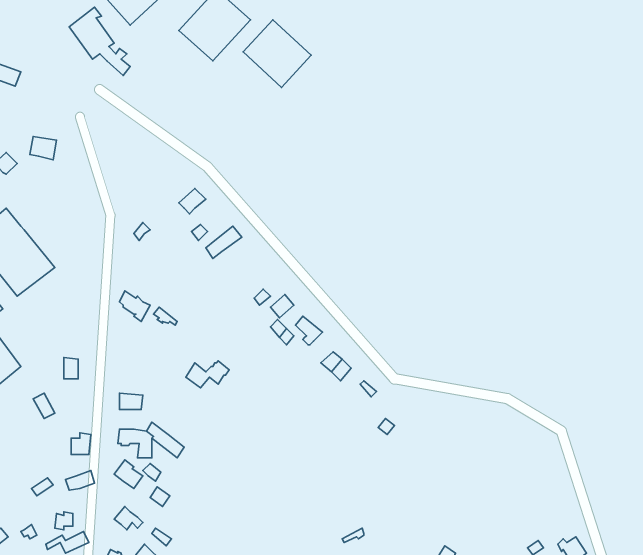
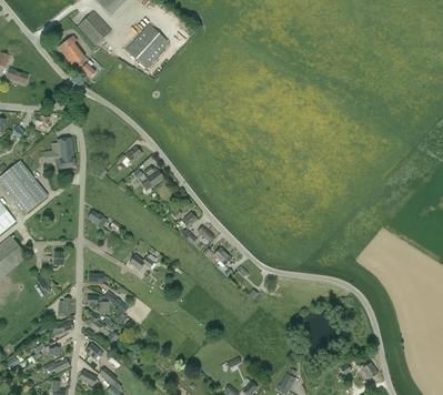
building: [243,20,311,87] -> none
building: none -> [43,138,74,169]

